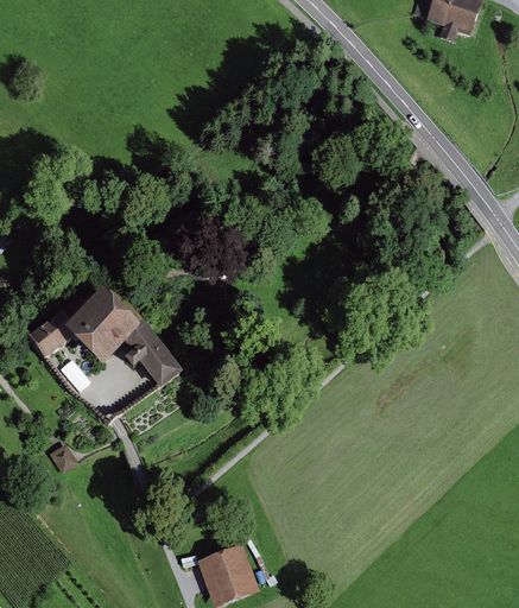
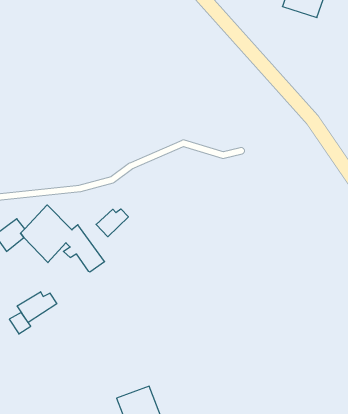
building: none -> [96,209,128,237]
building: none -> [17,292,57,322]

